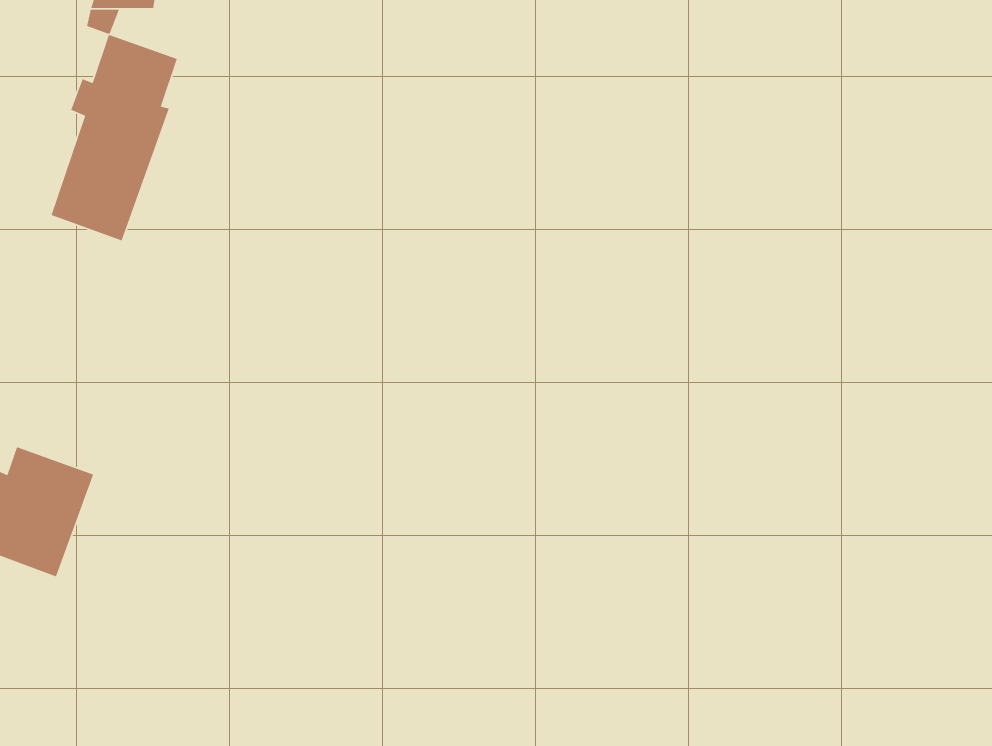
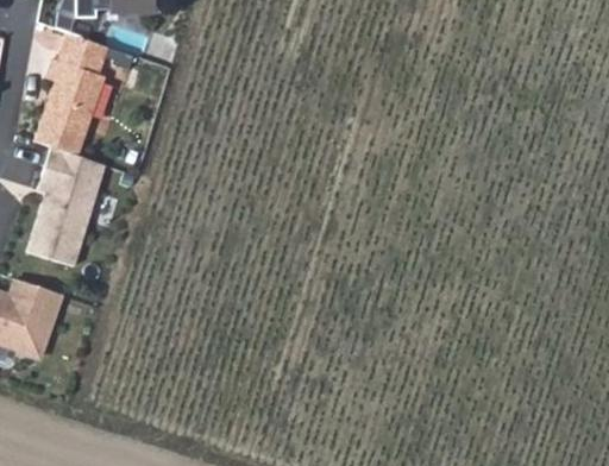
building: none -> [24,147,105,267]

